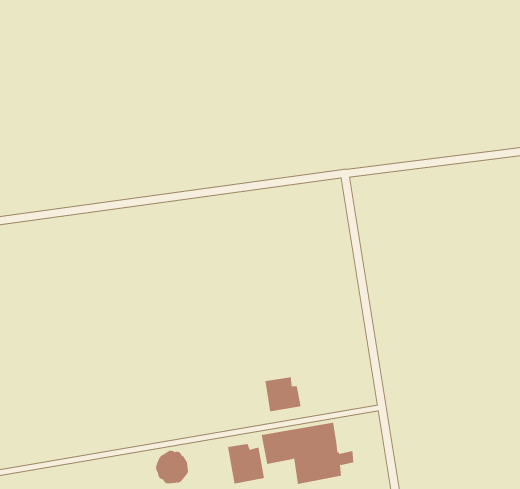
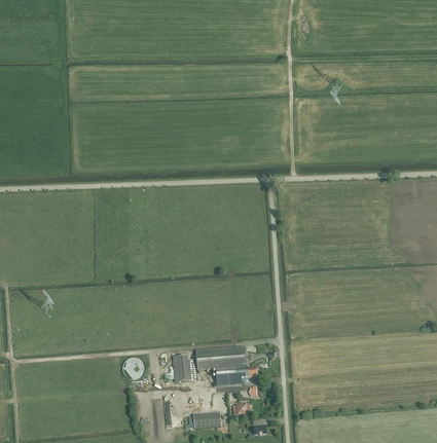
building: [265,377,301,412] -> none

